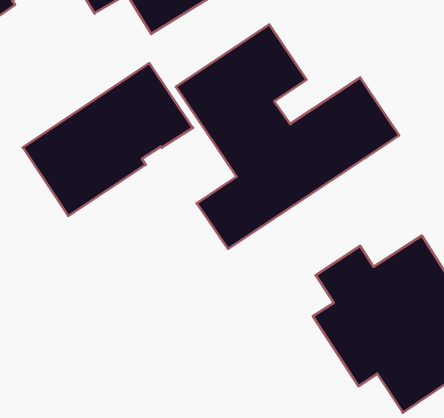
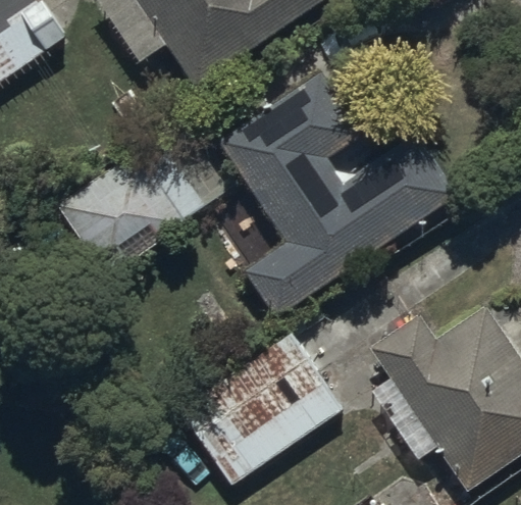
building: none -> [175,329,346,485]

